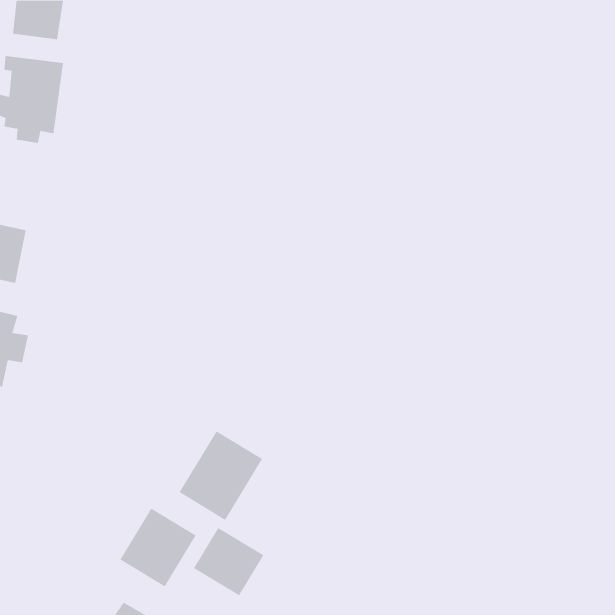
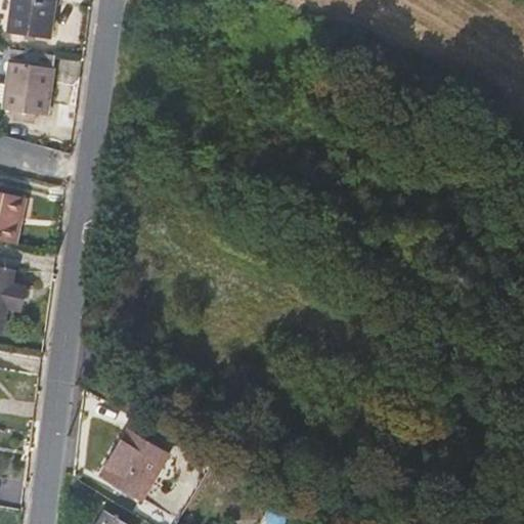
building: [179,430,263,521] -> none
building: [193,527,264,596] -> none

